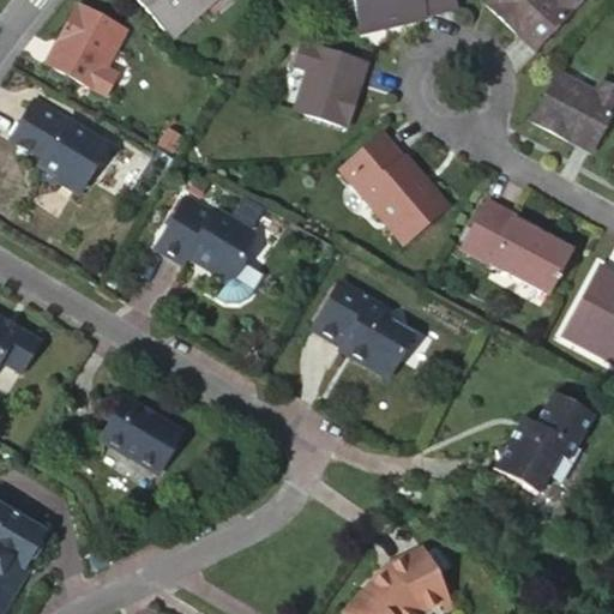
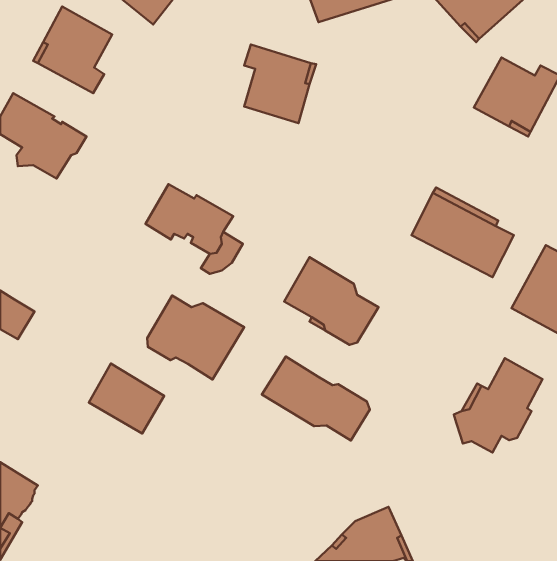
building: [341,140,445,248] -> none
building: none -> [147,296,244,380]
building: none -> [262,357,370,441]

